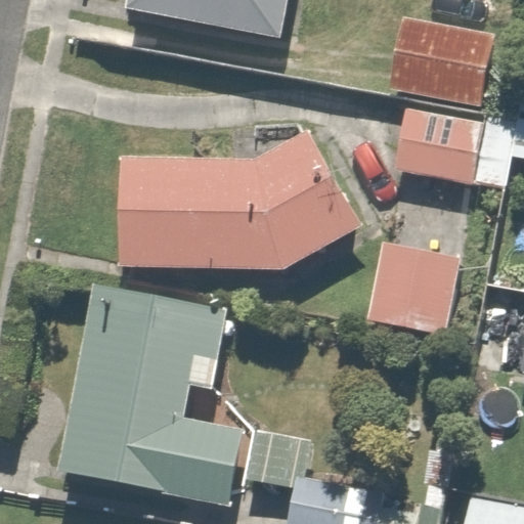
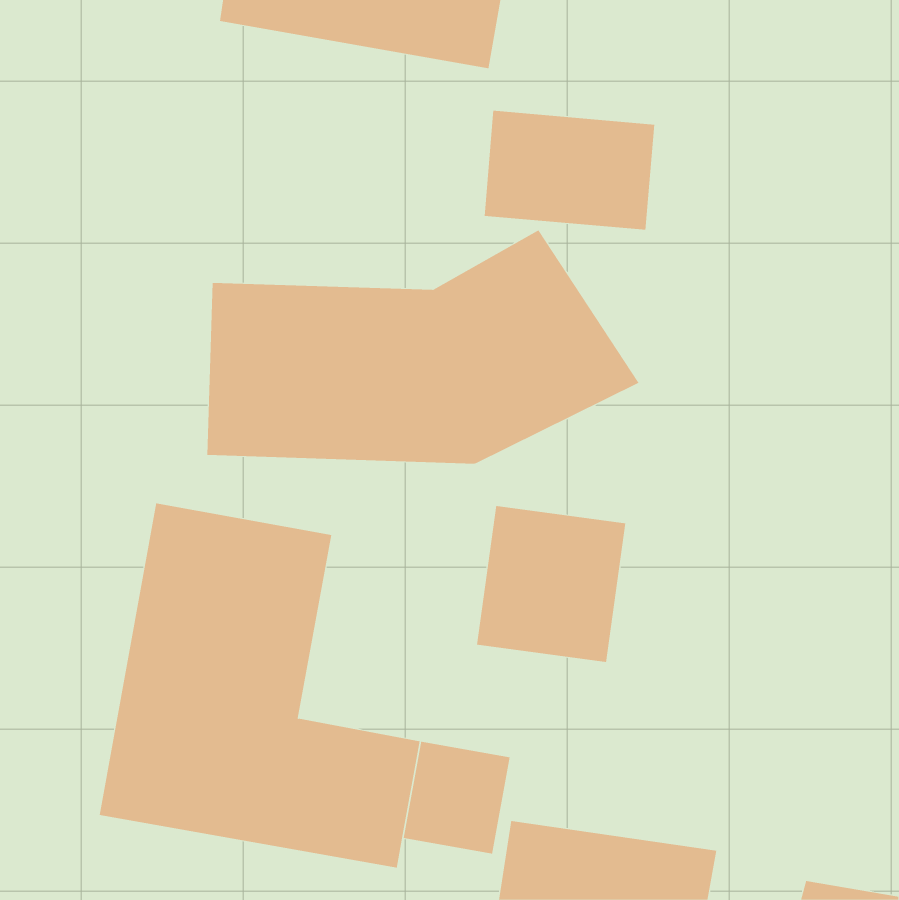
building: [388,30,487,99] -> [484,110,655,230]
building: [392,105,510,185] -> none
building: [368,235,455,326] -> [476,505,626,663]

